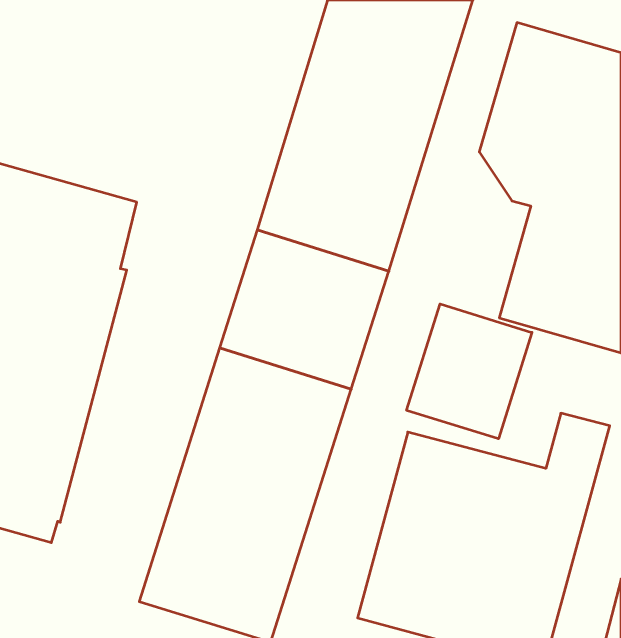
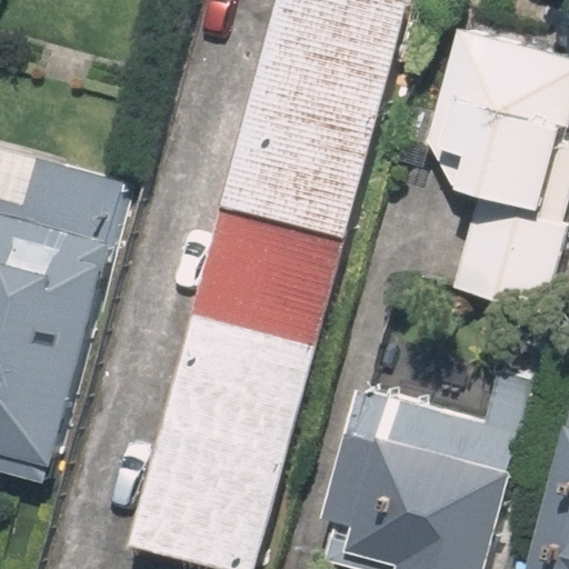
building: [407,304,532,439] -> none

